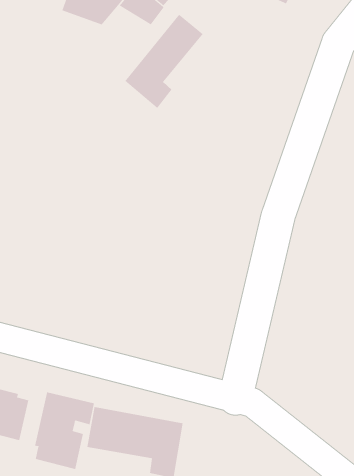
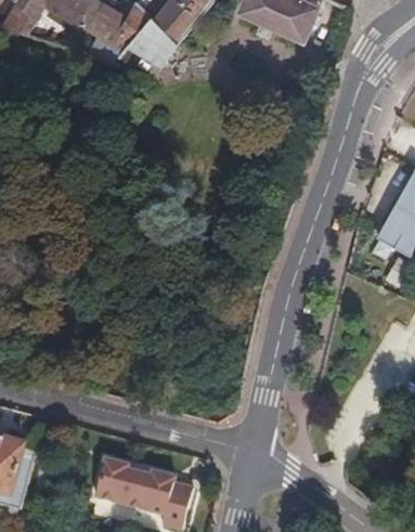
building: [124,14,203,109] -> none
building: [35,392,95,470] -> none

